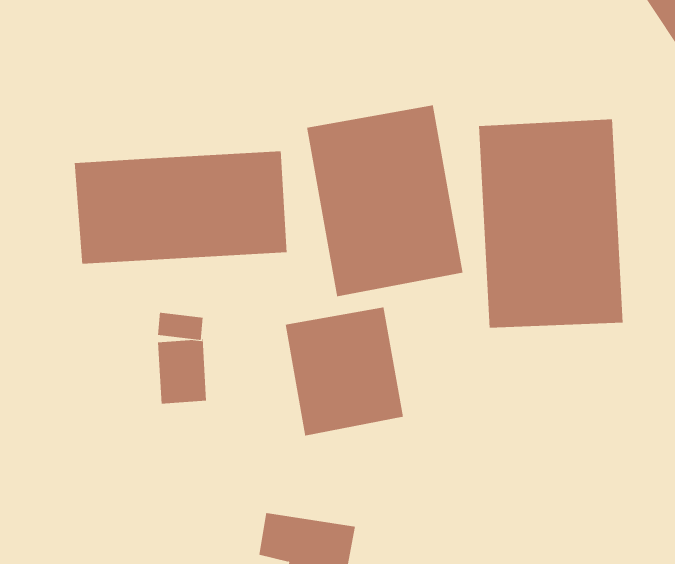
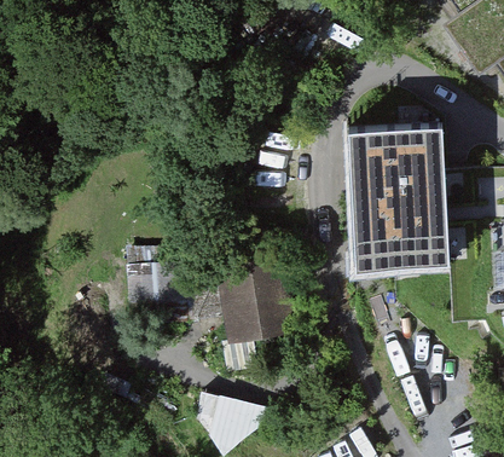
building: [306,105,463,297] -> none
building: [74,150,287,265] -> none

